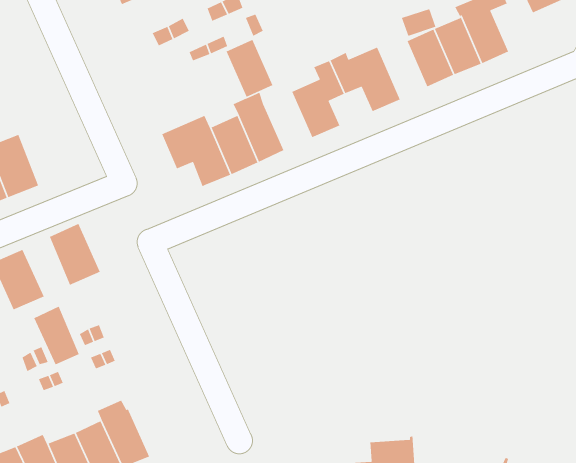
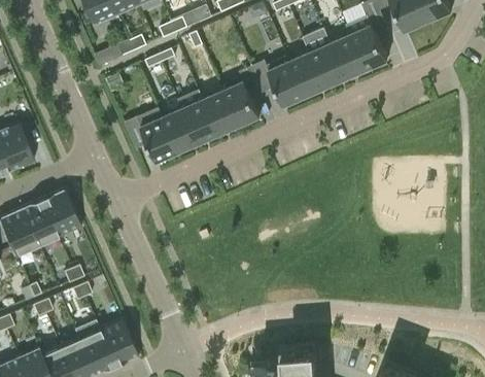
building: [225,39,273,98] -> [202,90,238,134]
building: none -> [289,52,324,96]
building: [33,305,80,366] -> [21,199,56,244]
building: none -> [100,318,137,365]

